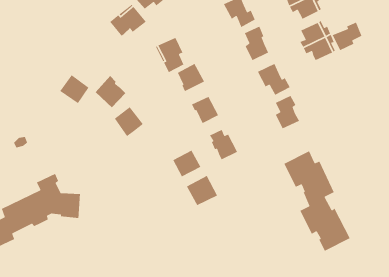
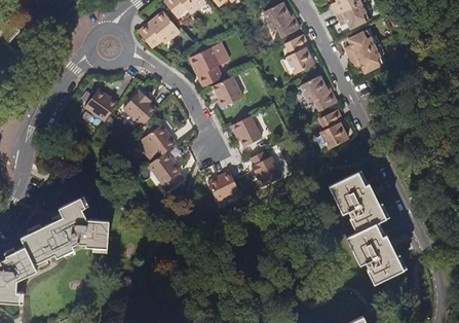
building: [332,22,362,51] -> none
building: none -> [148,152,181,185]
building: [186,175,218,206] -> none

